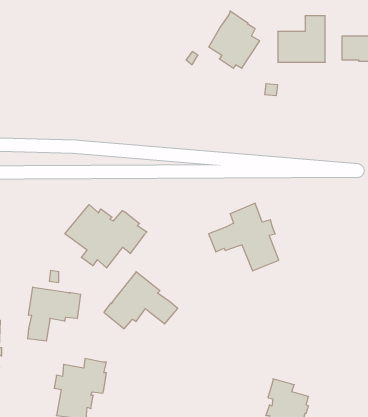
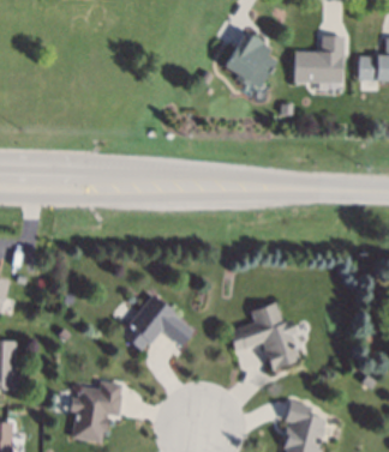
building: [209,203,279,271] -> [228,301,299,369]
building: [65,205,147,268] -> none
building: [28,287,81,341] -> none

